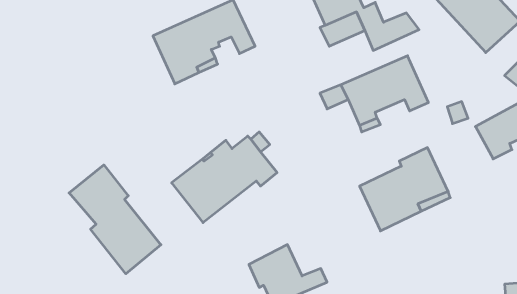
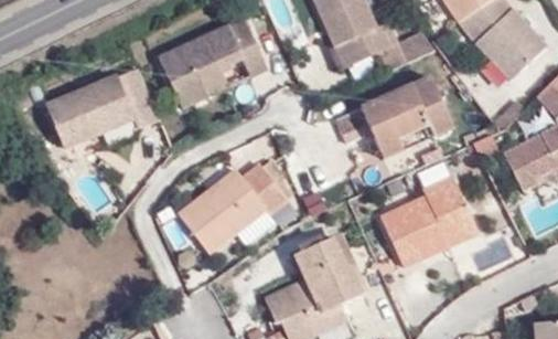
building: none -> [42,60,157,149]
building: [69,165,161,274] -> none
building: none -> [292,236,364,312]

